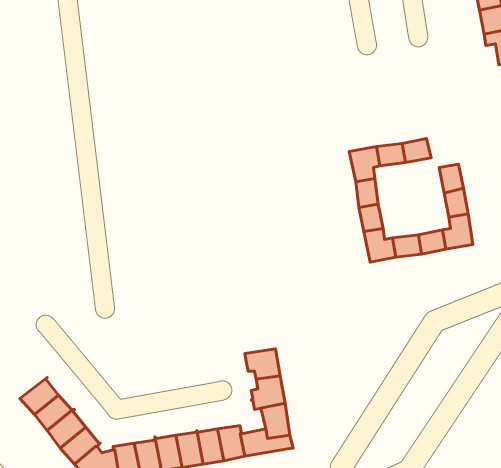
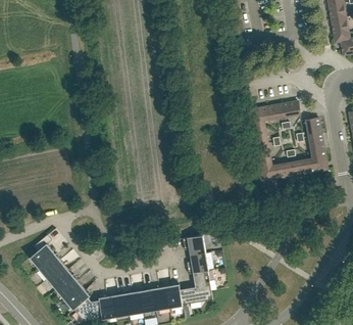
building: none -> [31,234,56,267]

